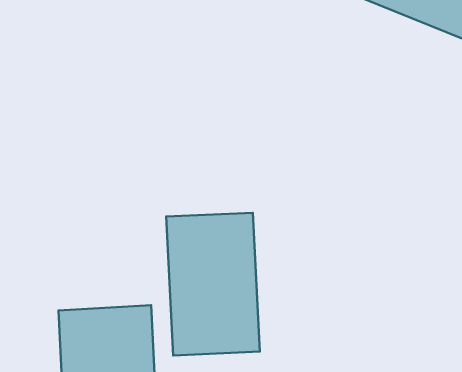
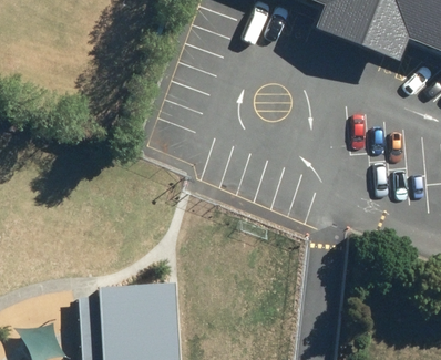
building: [166,213,260,355] -> none

